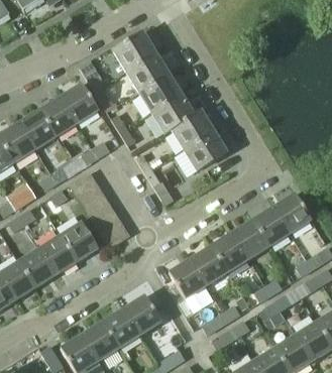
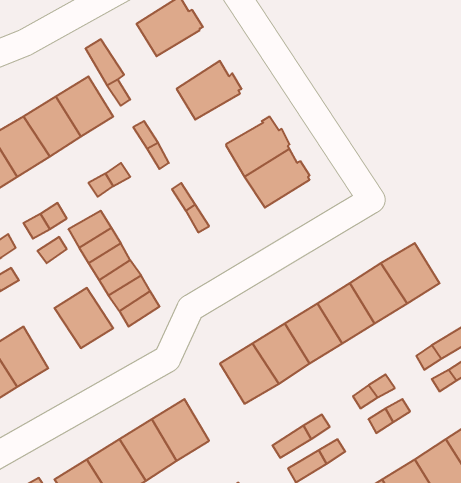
building: [126,54,169,93] -> none
building: [151,96,196,134] -> none
building: [39,236,77,275] -> none

